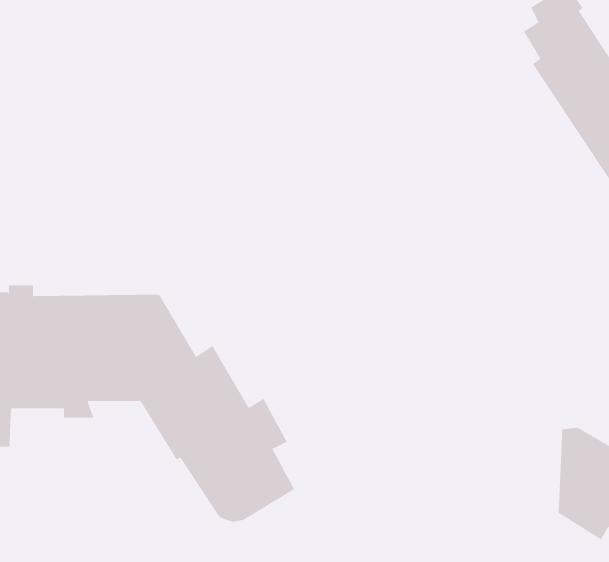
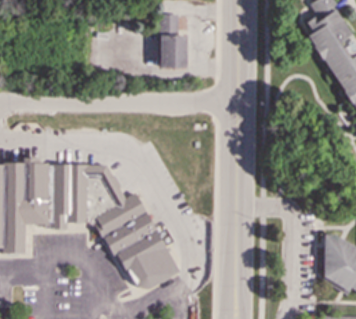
building: none -> [157,13,185,67]

